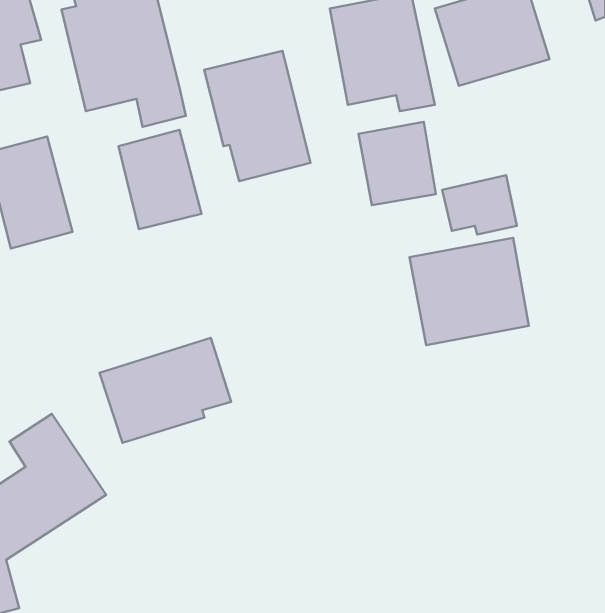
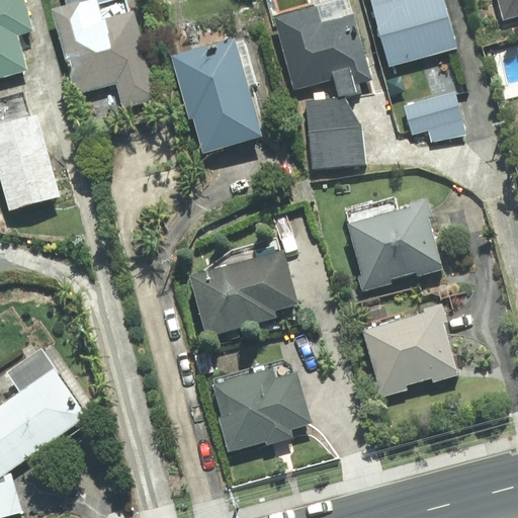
building: [118,130,201,229] -> none
building: [442,175,517,234] -> [396,89,458,139]
building: [100,338,231,443] -> [190,248,300,336]
building: none -> [357,307,461,396]
building: none -> [207,362,313,460]

